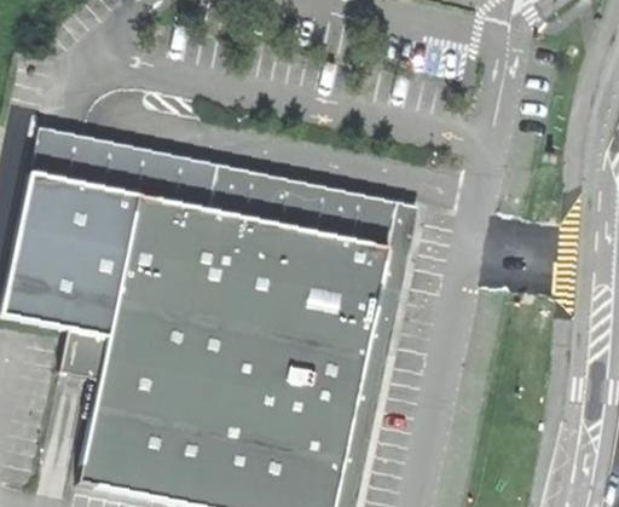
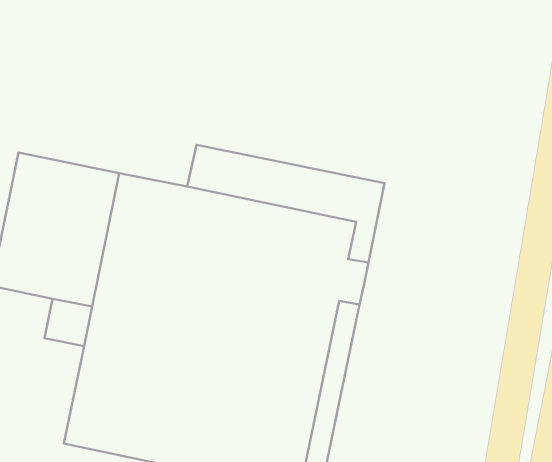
building: [27,122,216,204] -> none

